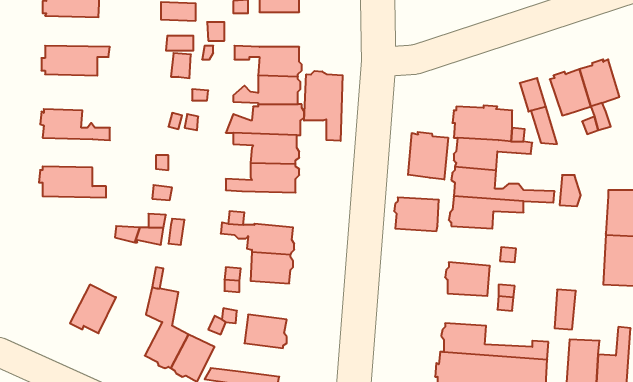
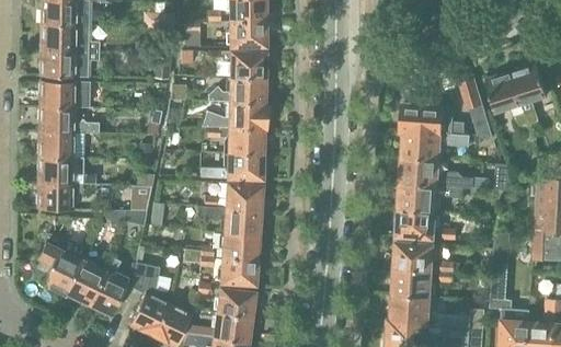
building: none -> [230,21,267,47]
building: none -> [39,24,99,51]
building: [304,71,343,141] -> none
building: none -> [38,80,103,108]
building: [408,132,448,180] -> none
building: none -> [37,131,83,158]
building: none -> [226,182,264,210]
building: none -> [36,183,95,209]
building: [394,197,439,231] -> [396,209,435,239]
building: none -> [37,234,81,294]
building: none -> [220,257,257,285]
building: none -> [89,258,128,315]
building: none -> [391,268,431,297]
building: none -> [214,312,253,342]

